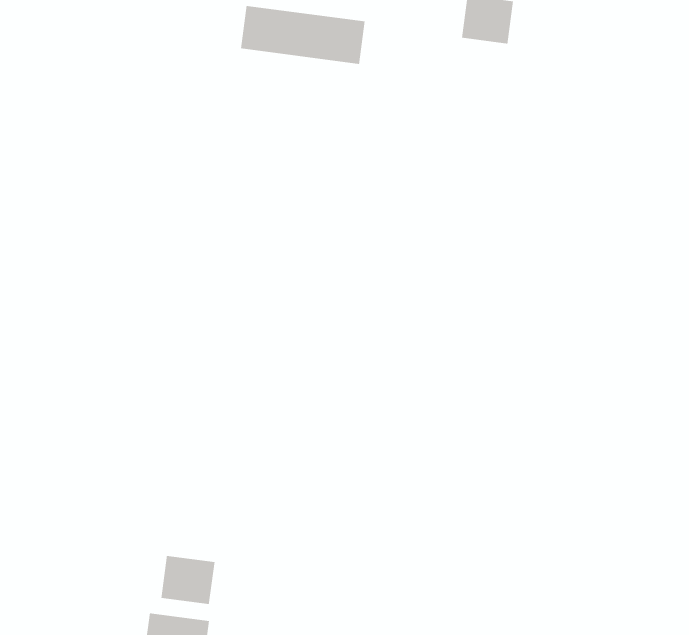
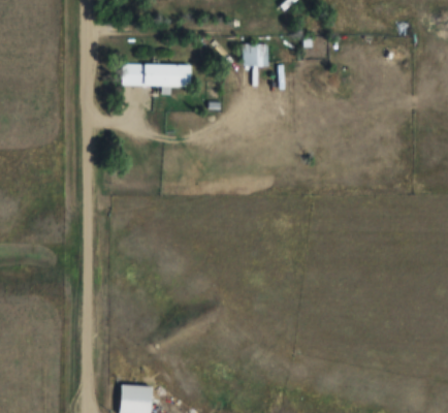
building: [161,555,215,605] -> none

